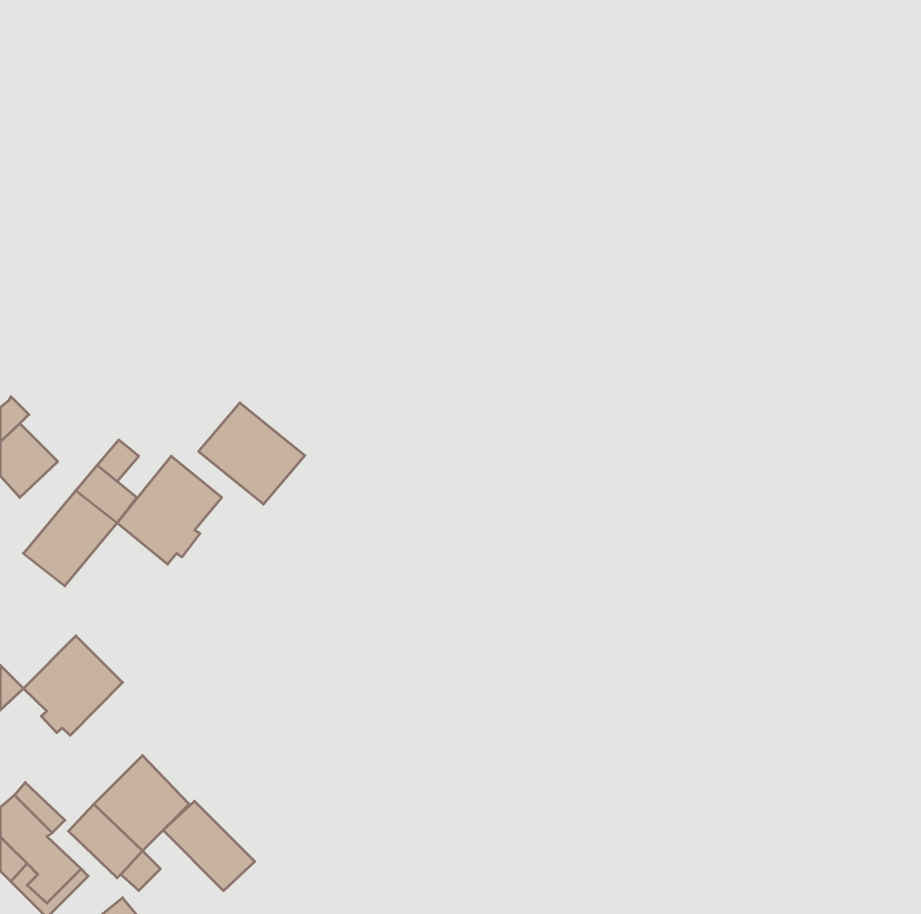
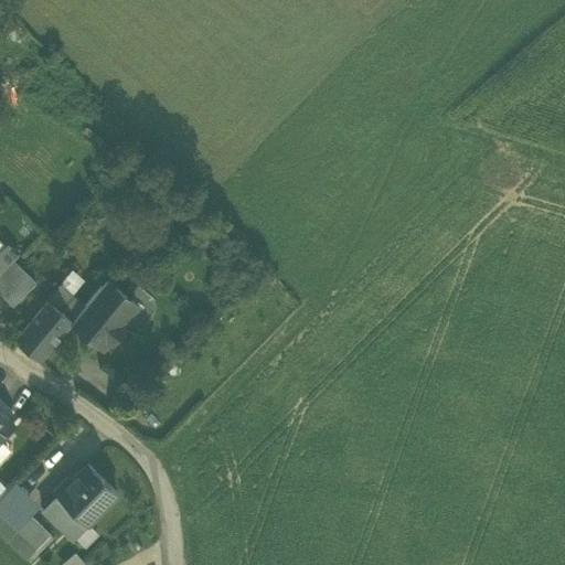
building: [199,403,305,504] -> none
building: [23,636,123,735] -> none
building: [163,801,255,891] -> none

